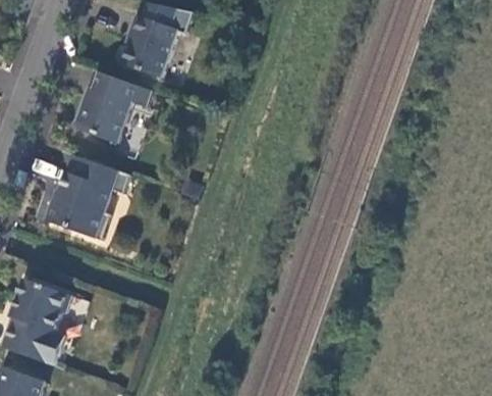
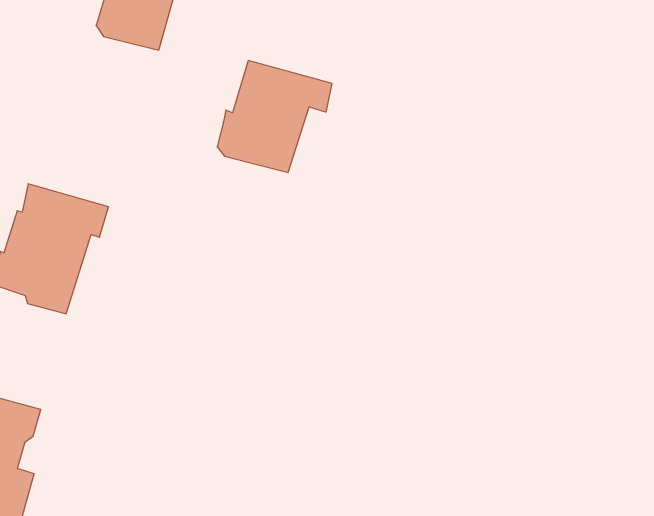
building: [74,71,149,143] -> [217,61,332,173]

